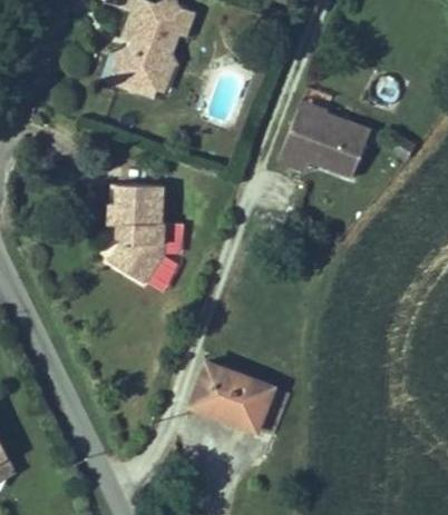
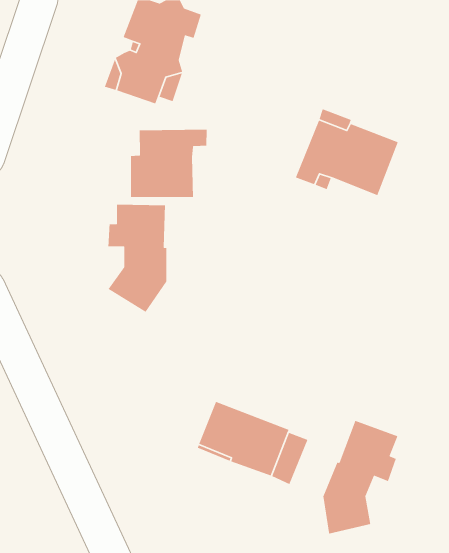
building: none -> [130,129,207,198]
building: none -> [323,420,398,534]

